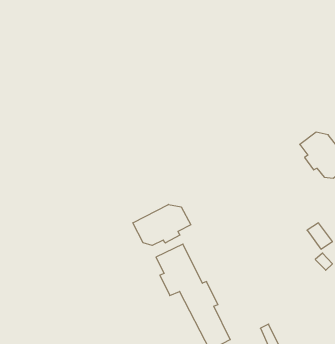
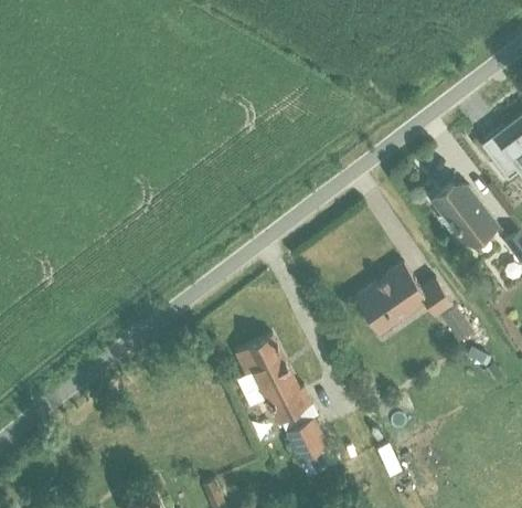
building: none -> [355,264,454,336]
building: [133,204,191,245] -> none

